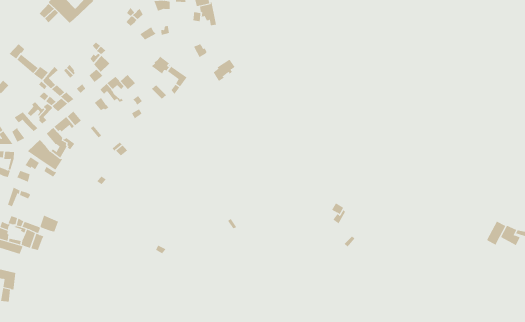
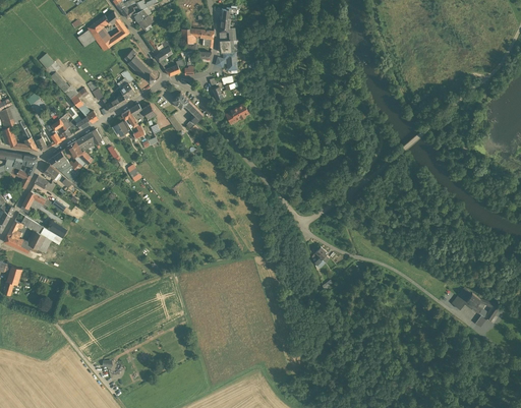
building: none -> [124,50,155,82]

